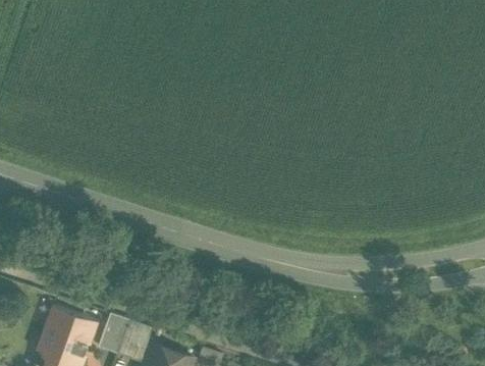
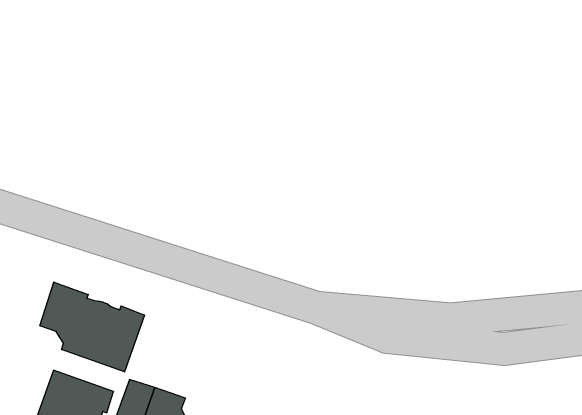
building: none -> [40,282,145,372]

